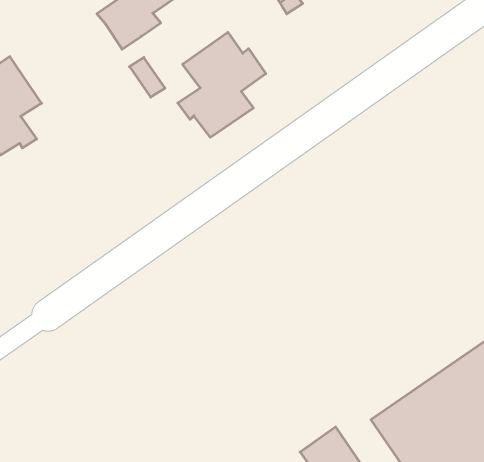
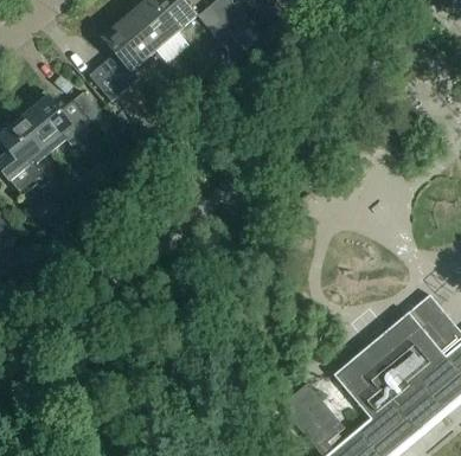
building: none -> [23,91,105,150]
building: [178,32,266,137] -> none

